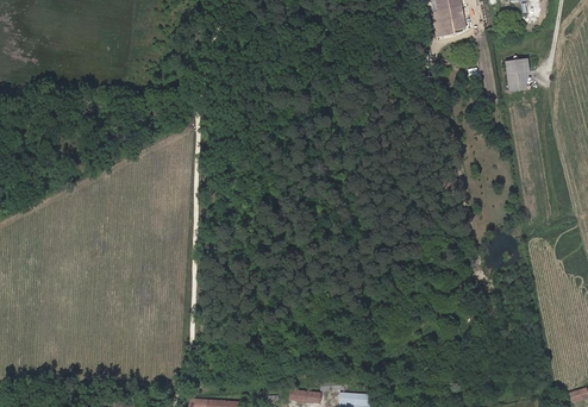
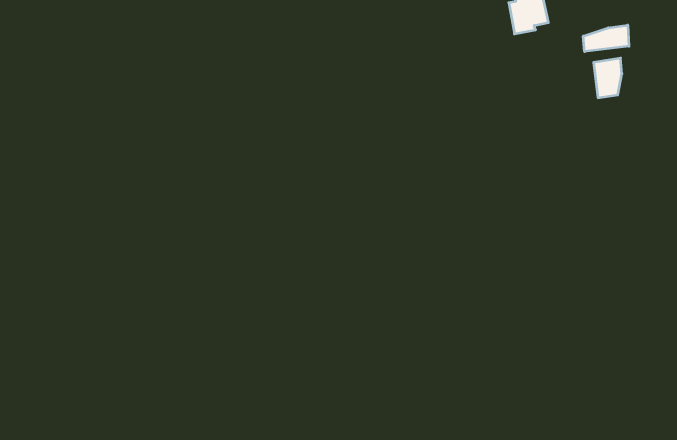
building: none -> [583,25,629,52]

